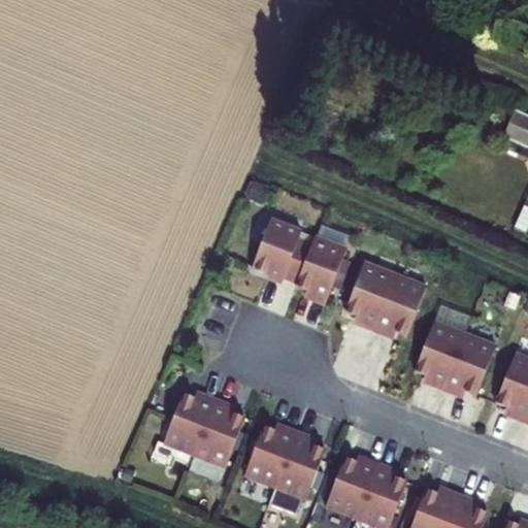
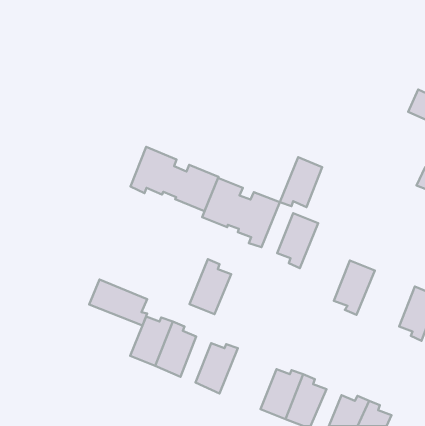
building: none -> [130,147,218,211]
building: [372,275,425,337] -> [280,157,322,207]
building: [442,334,495,396] -> none
building: none -> [89,279,147,326]
building: [273,430,325,498] -> [189,259,231,314]

